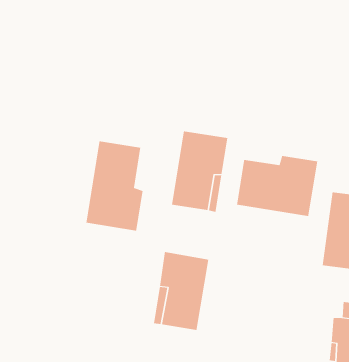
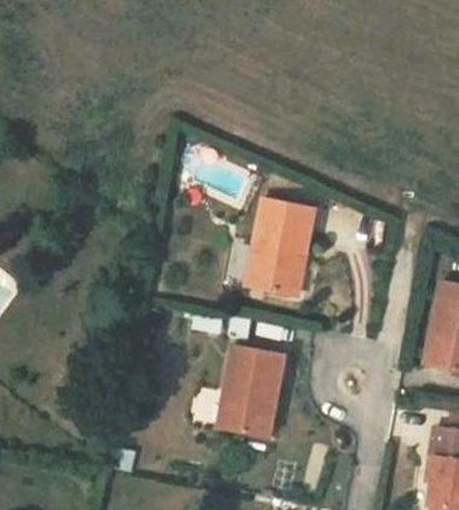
building: [86,141,143,232] -> none
building: [237,155,318,217] -> none

